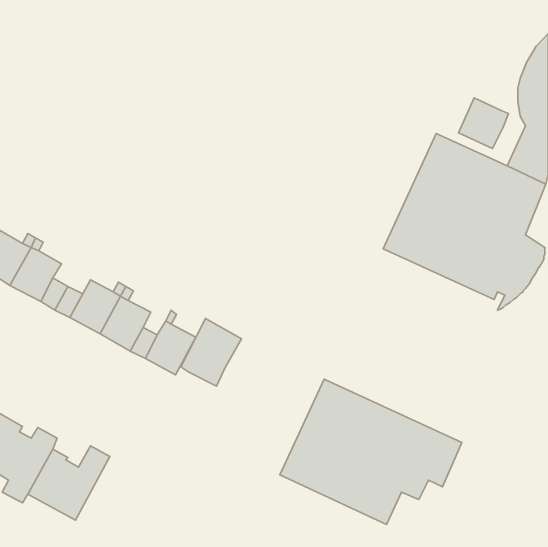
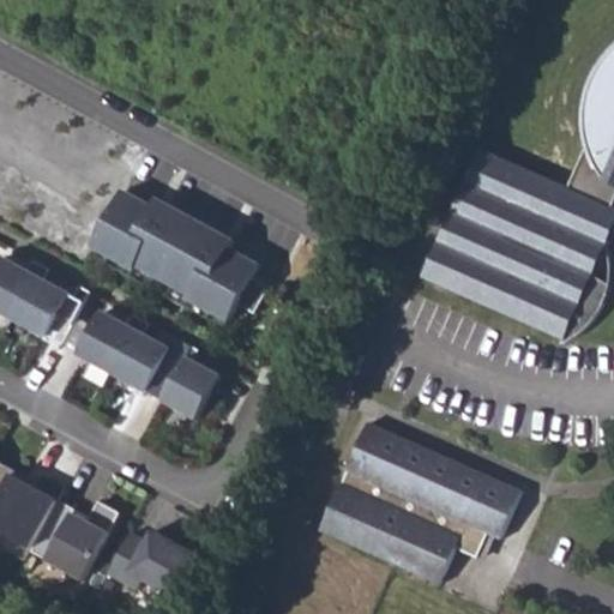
building: [459,98,508,148] -> none
building: none -> [92,191,267,320]
building: [181,318,242,386] -> none
building: none -> [108,530,205,601]

